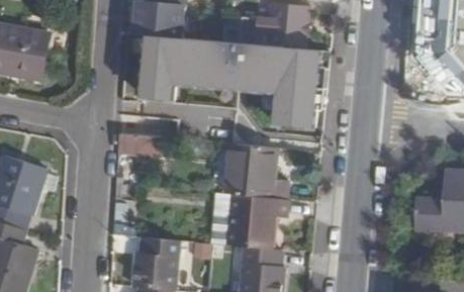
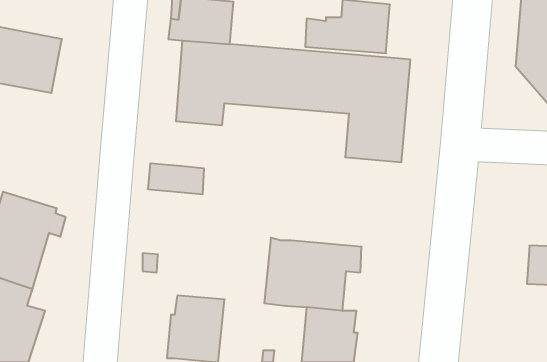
building: [223,141,289,198] -> none

